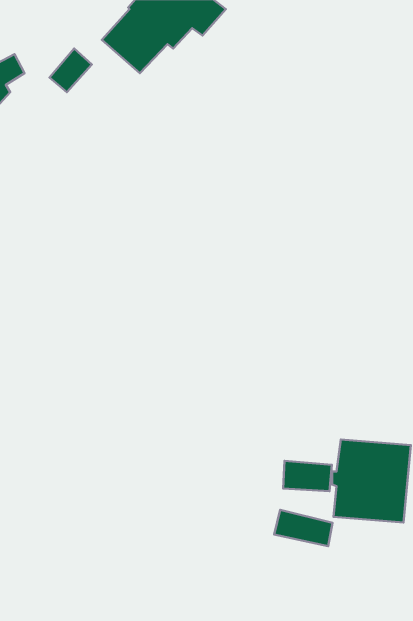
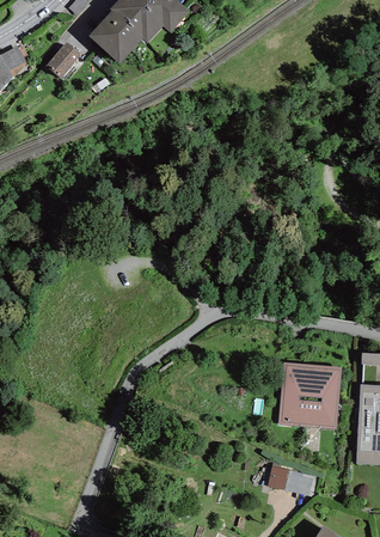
building: [283,461,332,491] -> none
building: [274,510,332,546] -> [266,466,314,496]

